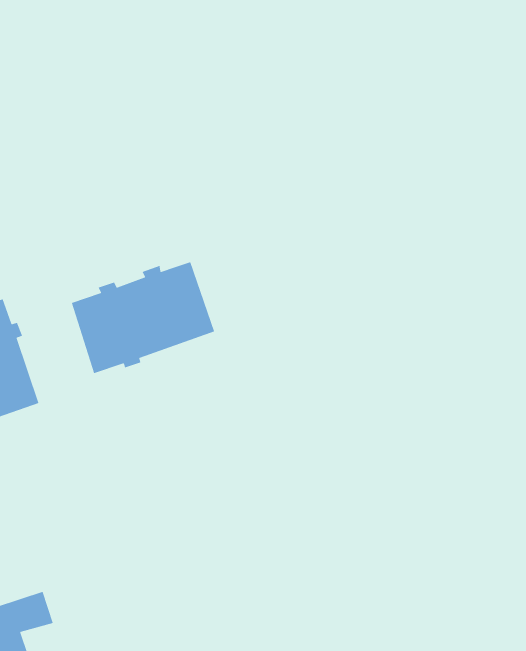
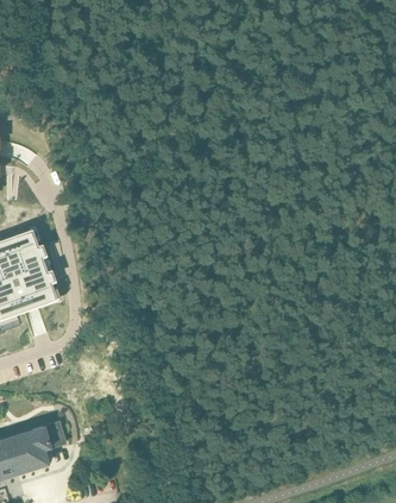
building: [71,261,215,374] -> none

